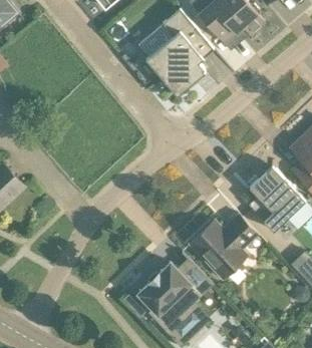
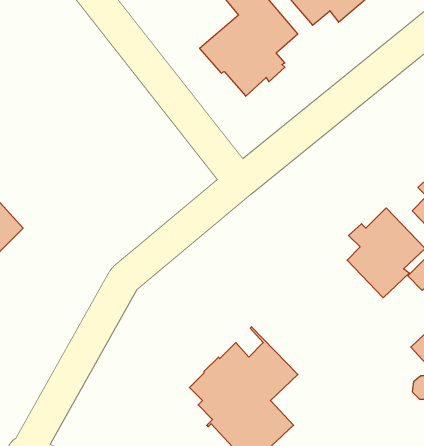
building: [189,214,266,278] -> none

